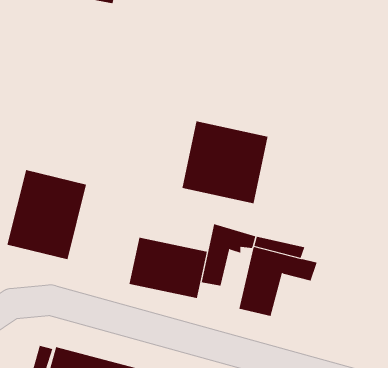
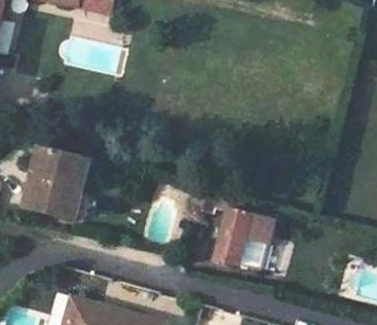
building: [182,120,268,204] -> none
building: [129,237,208,299] -> none

